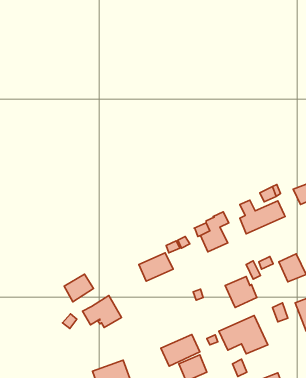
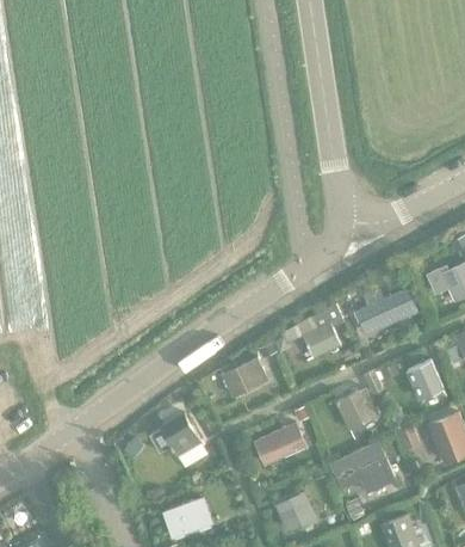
building: [64,274,93,302] -> none
building: [161,334,200,366] -> [253,423,304,465]

